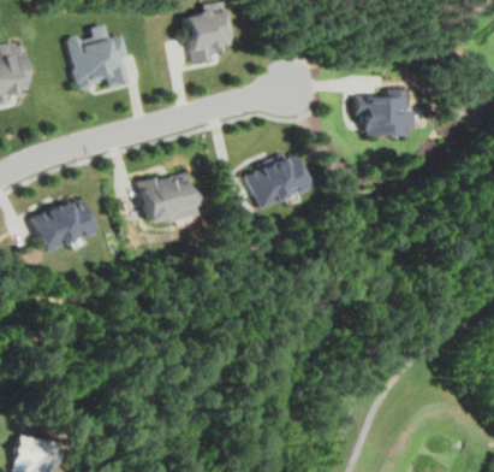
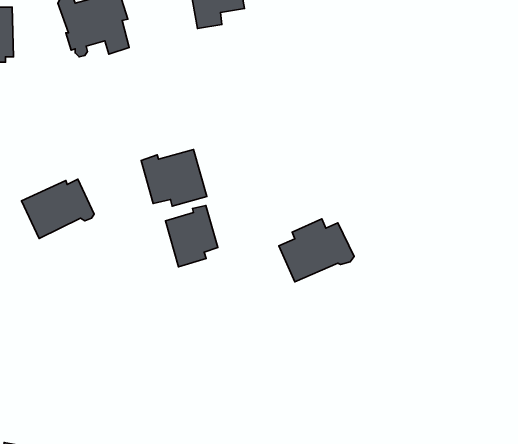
building: [353,89,410,137] -> none
building: [245,152,313,208] -> [279,219,354,282]
building: none -> [166,206,218,267]

